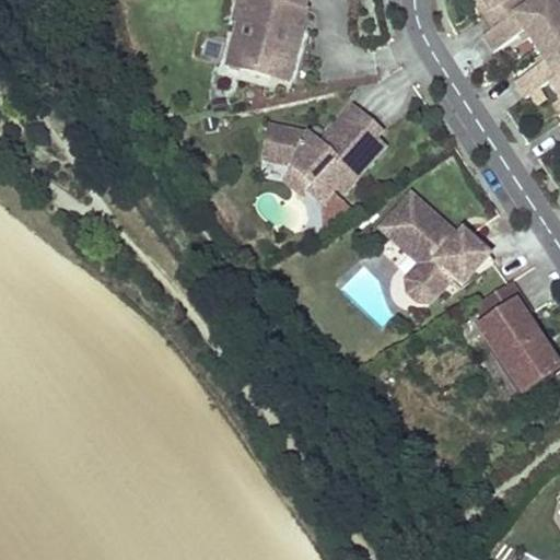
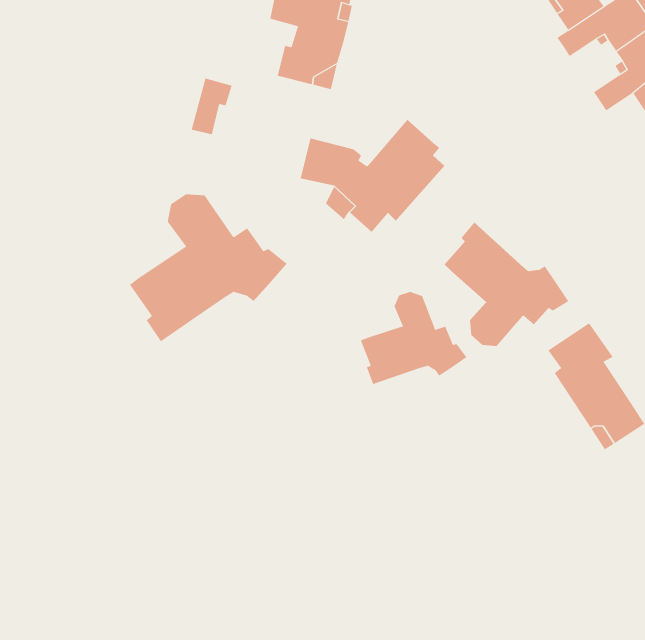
building: [222,16,258,66] -> [191,78,233,135]
building: none -> [129,193,287,342]
building: none -> [360,291,467,385]

